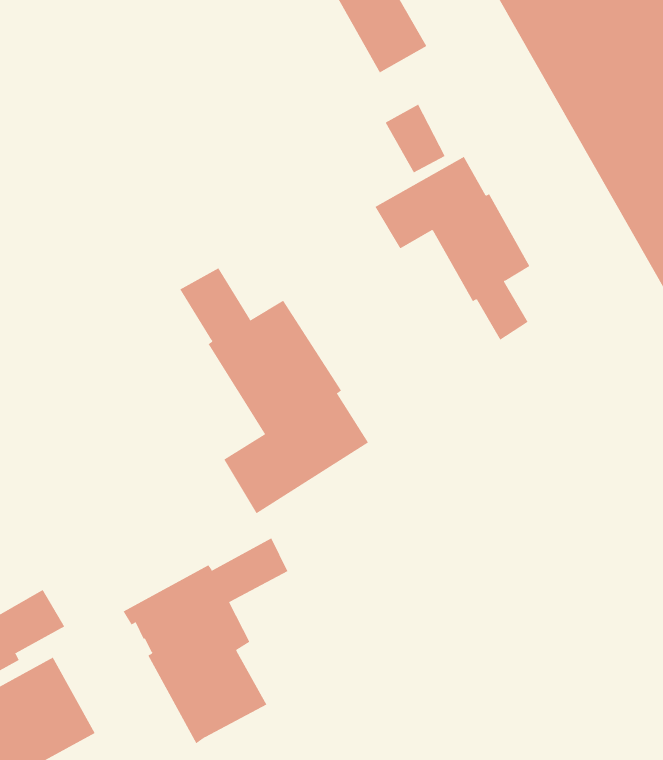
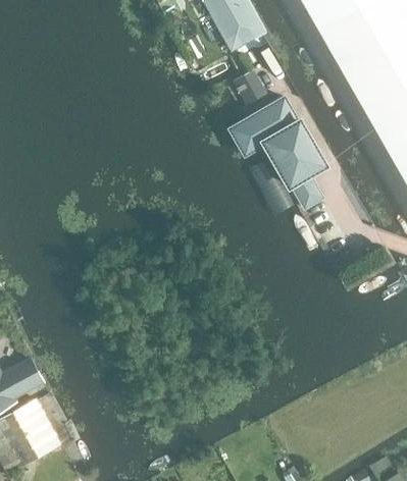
building: [180,268,369,514] -> none
building: [123,538,288,744] -> none

